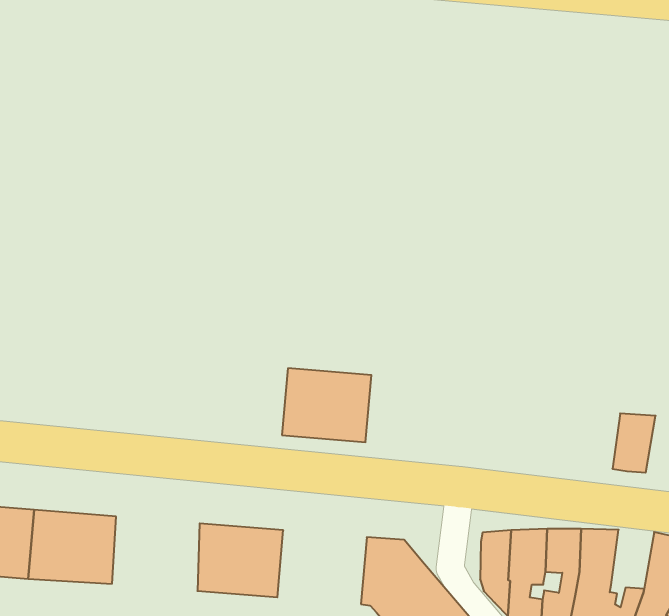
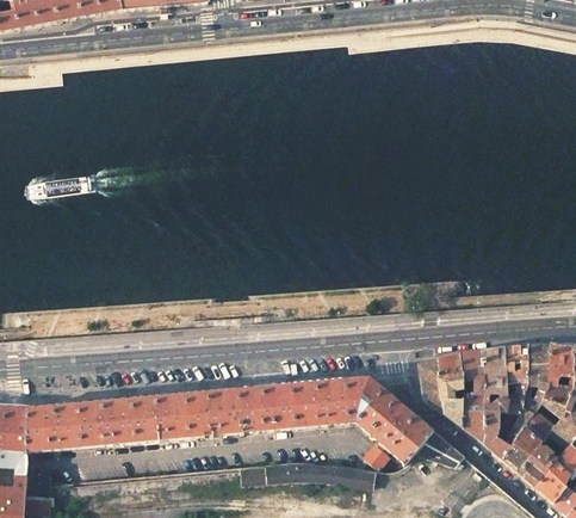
building: [282,368,371,442] -> [292,378,349,426]
building: [612,413,656,473] -> [504,344,527,382]
building: none -> [185,388,244,436]

